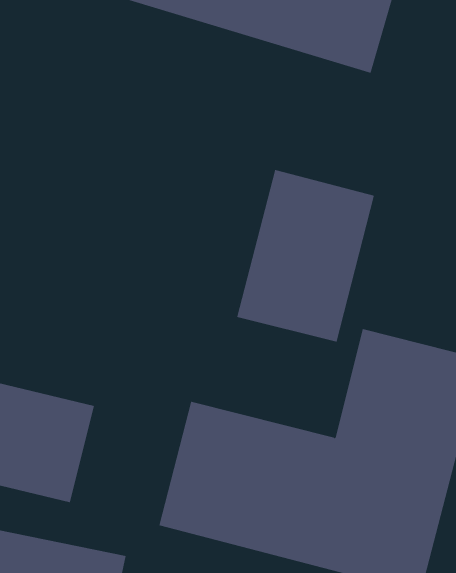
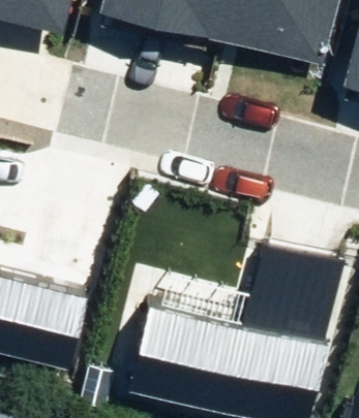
building: [236,169,374,343] -> none

